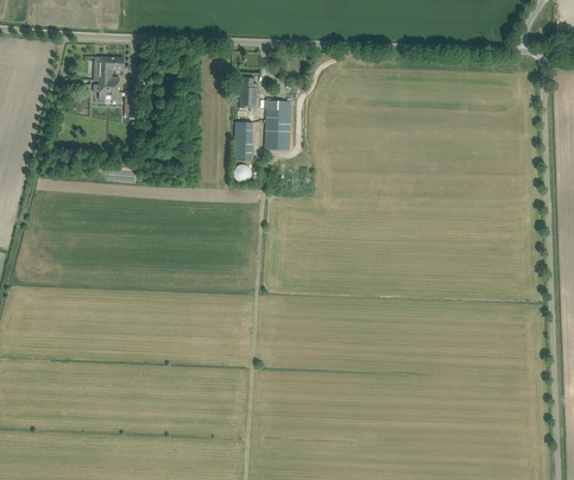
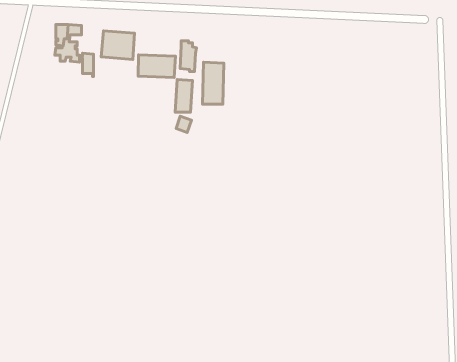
building: none -> [101,31,135,59]
building: none -> [138,55,175,77]

